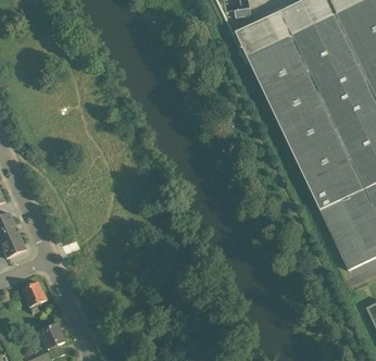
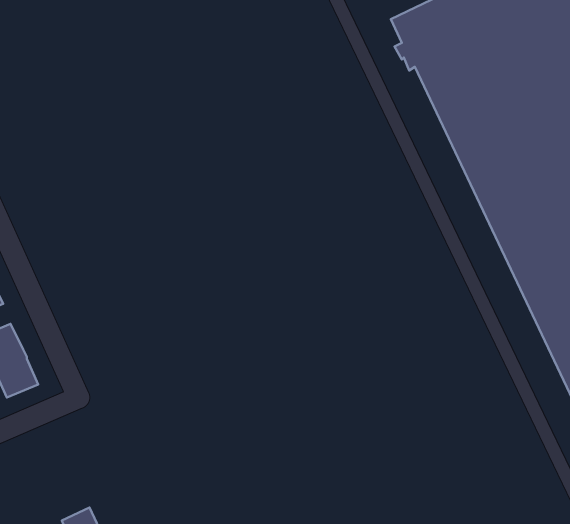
building: [22,279,48,312] -> none

